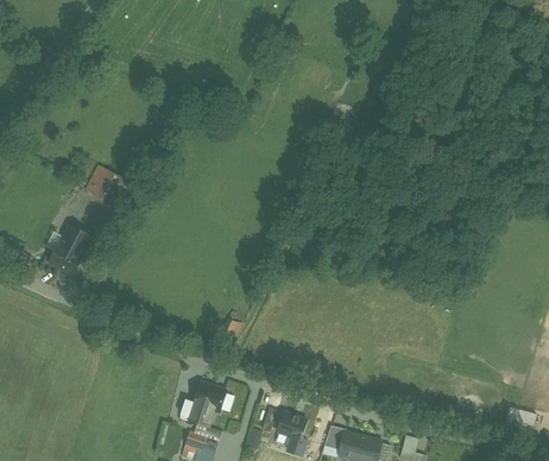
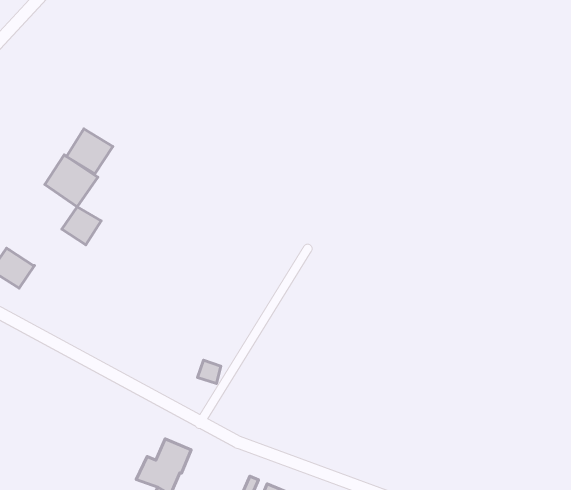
building: none -> [66,129,113,174]
building: [61,225,91,254] -> [62,207,101,245]

